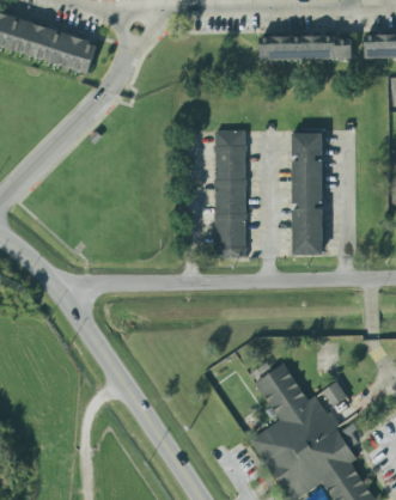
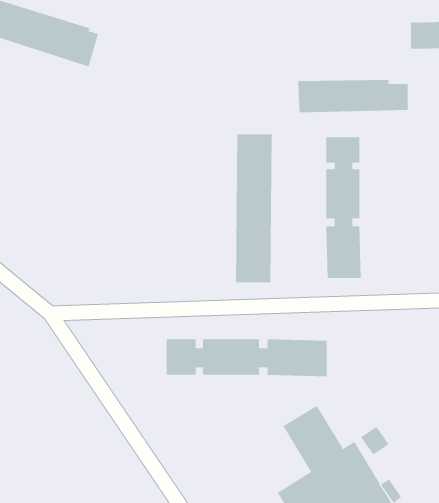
building: [257,33,353,62] -> [297,79,409,113]
building: none -> [166,339,327,377]

